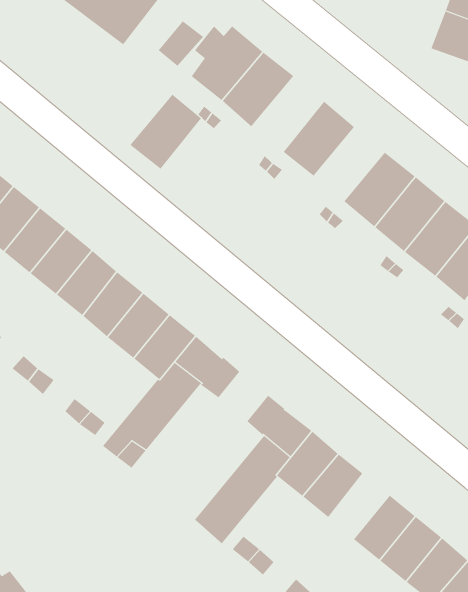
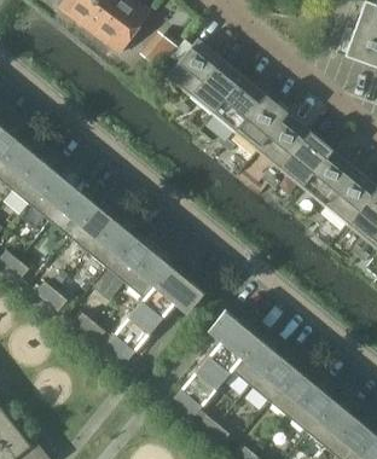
building: [130,94,202,169] -> [213,75,266,130]
building: none -> [259,112,311,167]
building: none -> [269,367,314,416]

